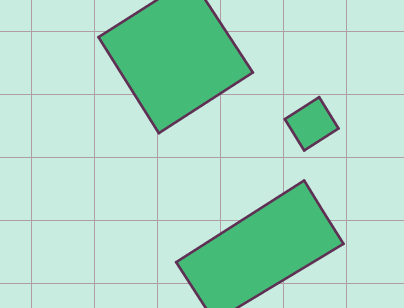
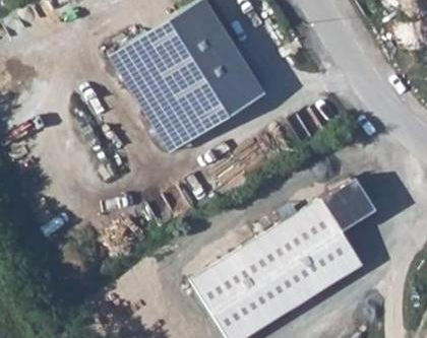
building: [285,97,338,151] -> [318,180,372,233]

